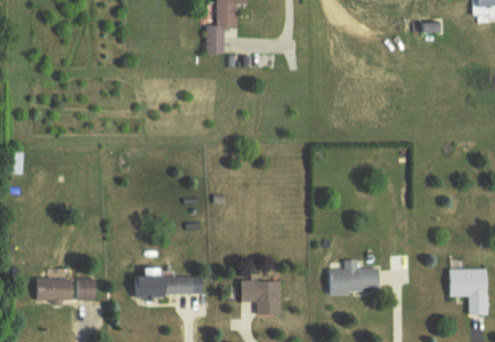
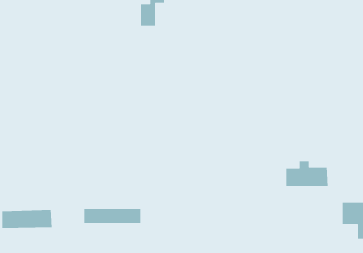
building: [328,260,381,292] -> [286,160,328,187]
building: [243,281,282,314] -> none

